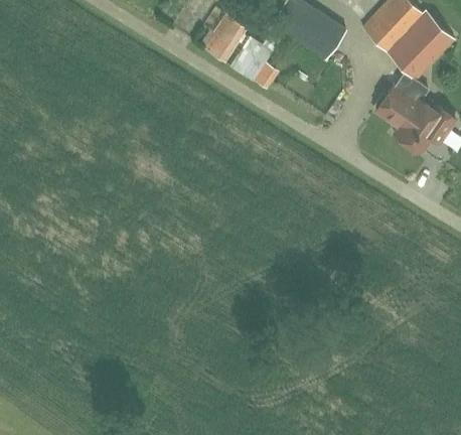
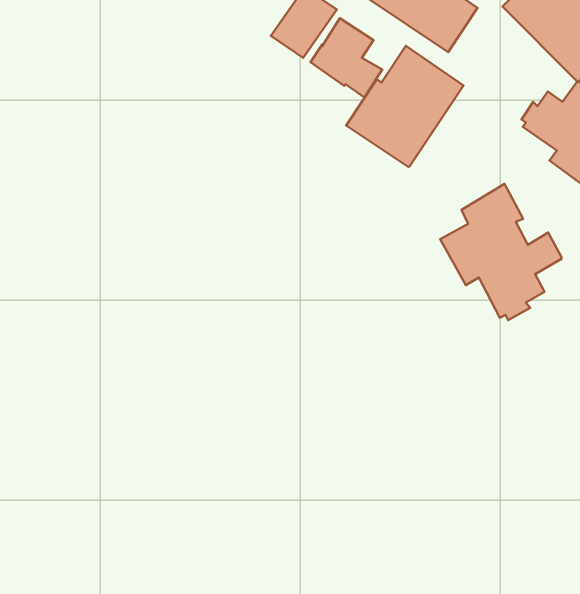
building: none -> [346,46,463,167]
building: none -> [440,184,562,320]

